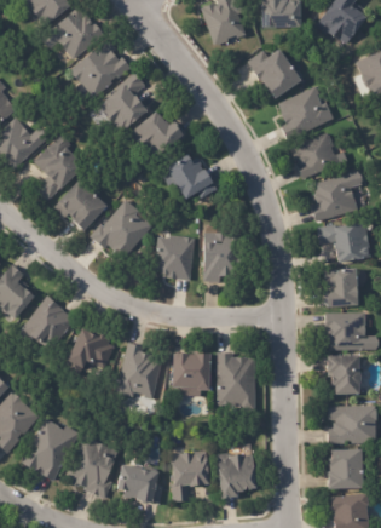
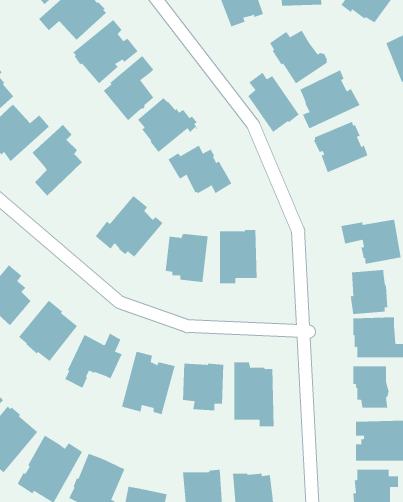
building: none -> [248,72,299,133]
building: [311,172,360,223] -> none
building: [53,178,105,230] -> none

